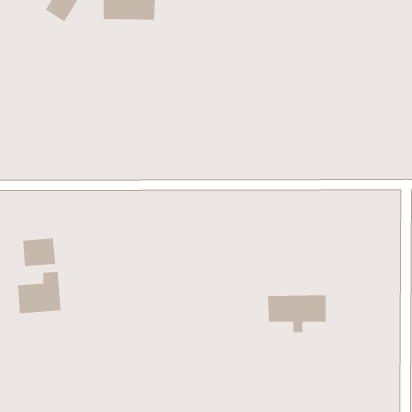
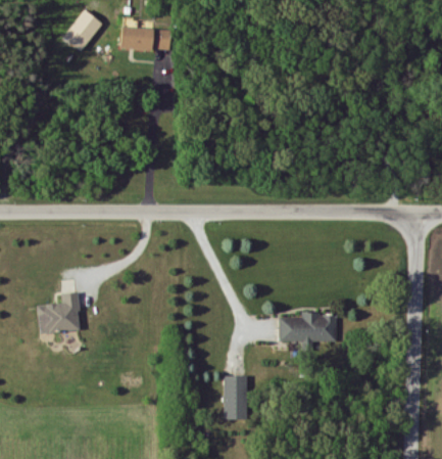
building: [23,237,56,267] -> none
building: none -> [224,376,247,420]

